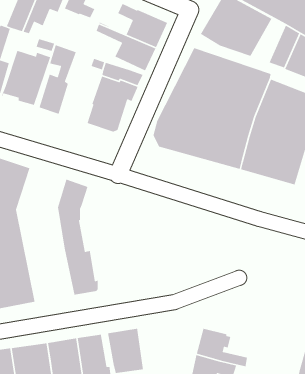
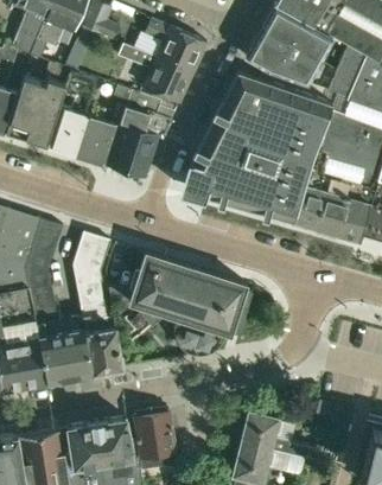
building: none -> [75,117,115,165]
building: none -> [24,219,93,382]
building: none -> [129,253,246,352]

